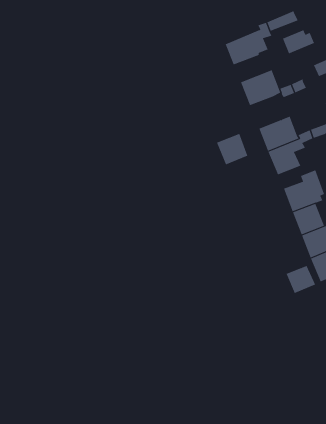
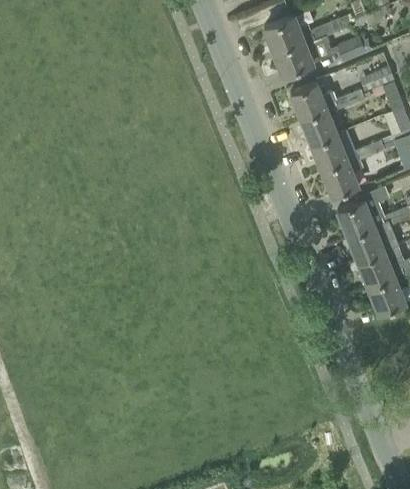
building: none -> [263,16,311,51]
building: [216,133,248,165] -> [300,109,335,144]
building: [286,265,316,294] -> none

